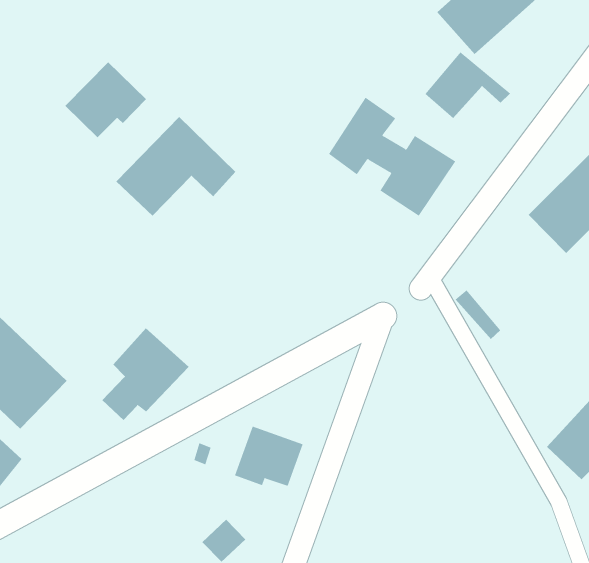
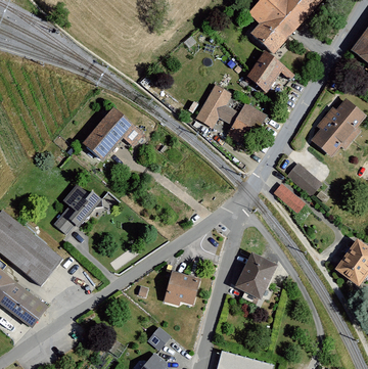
building: [64,62,147,138] -> none
building: none -> [289,158,326,193]
building: [102,327,190,421] -> [54,181,101,234]
building: none -> [234,250,276,296]

